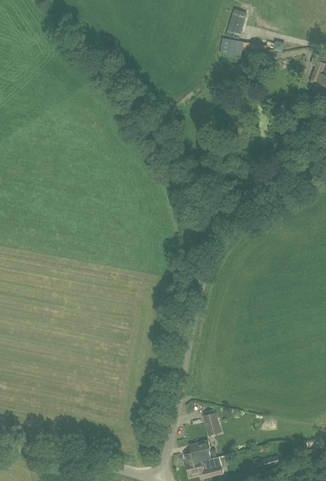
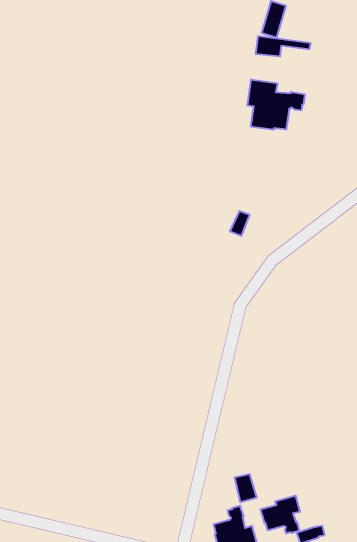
building: none -> [248,79,305,130]
building: none -> [261,496,300,534]

